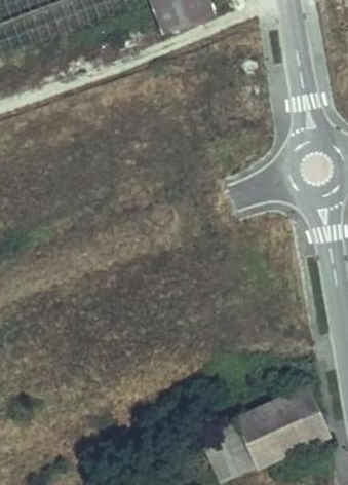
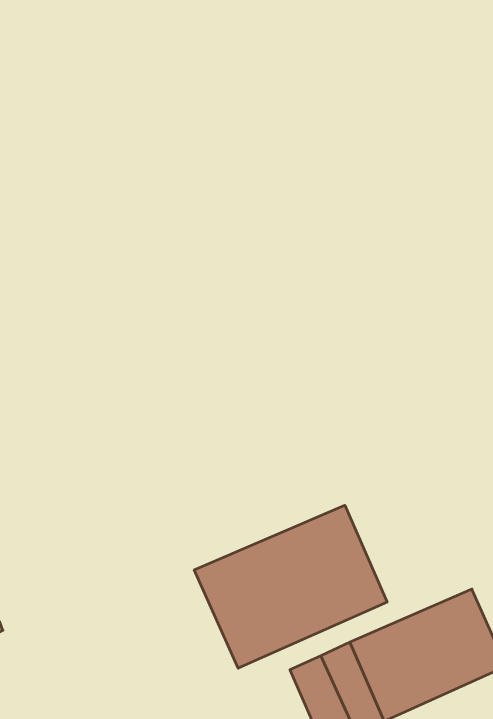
building: none -> [194,505,387,668]

